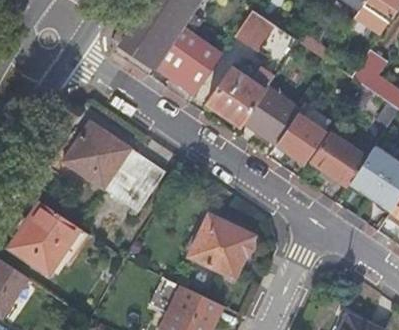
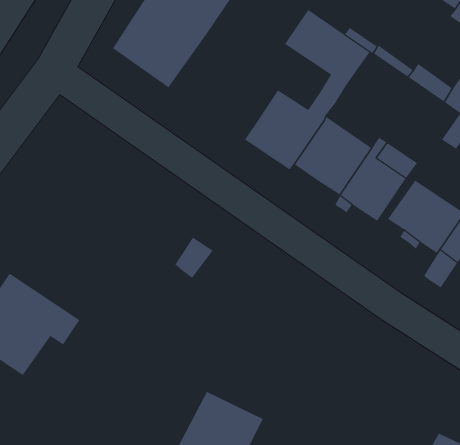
building: [154,26,224,95] -> none
building: [64,121,167,211] -> none
building: [188,215,253,277] -> none

